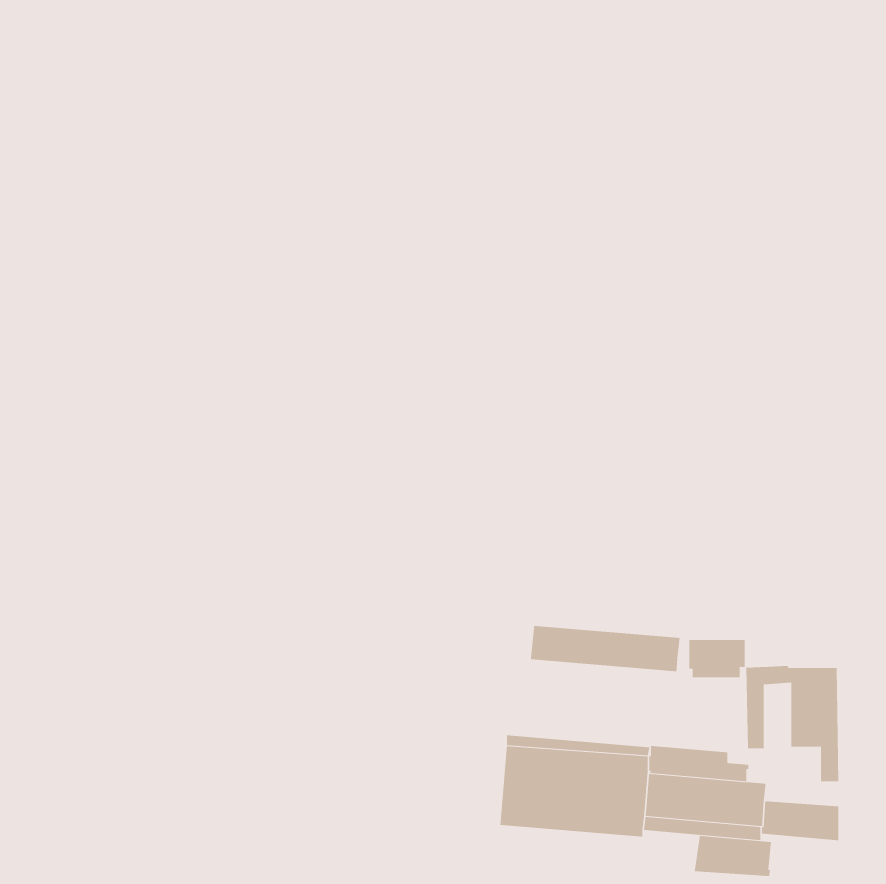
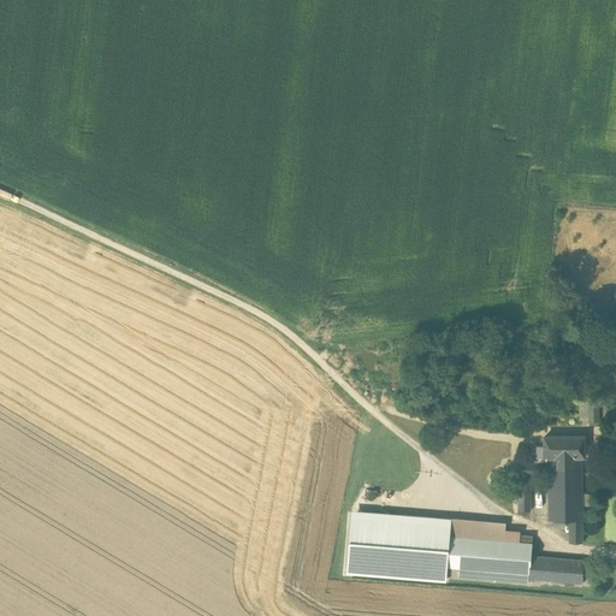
building: [530,625,680,672] -> none
building: [688,640,746,678] -> [545,438,585,464]
building: [694,835,771,877] -> none

